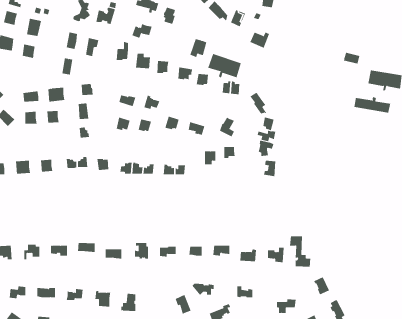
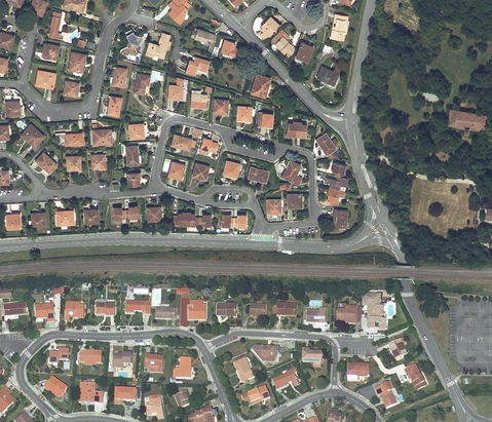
building: [207,53,241,79] -> none
building: [354,96,391,114] -> none

